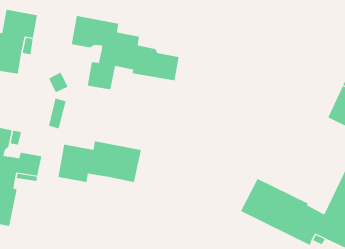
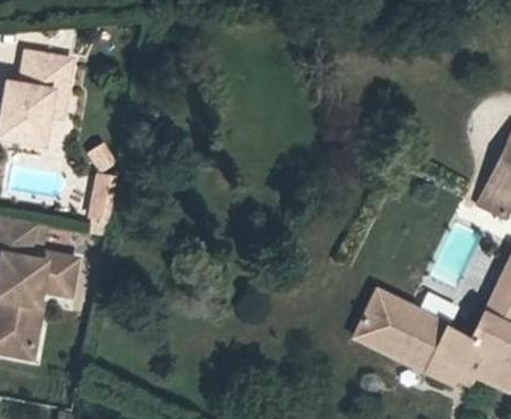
building: [71,15,179,90] -> none
building: [58,140,141,183] -> none

